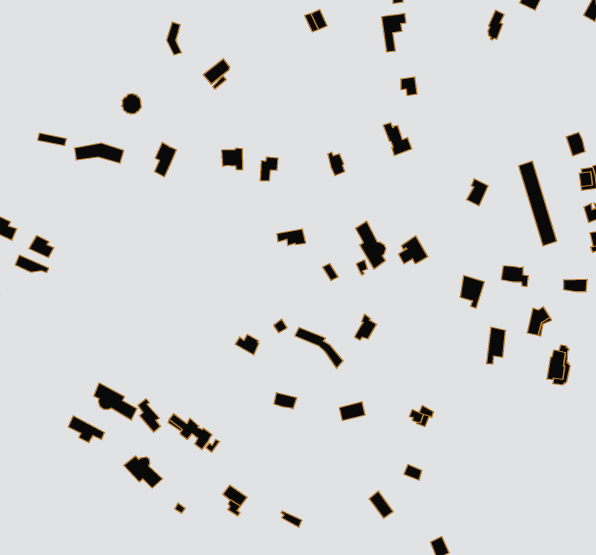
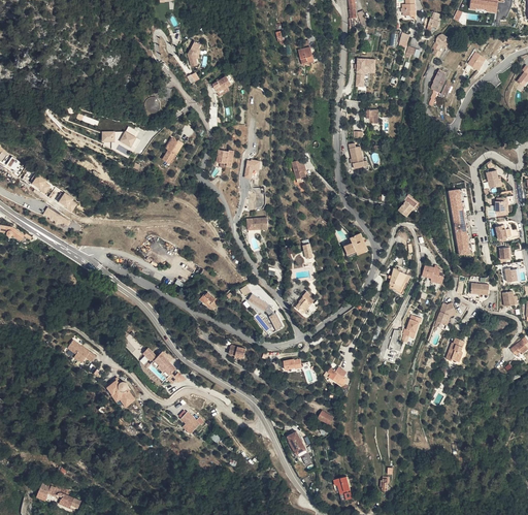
building: [355,221,386,269] -> none
building: [94,383,137,420] -> none

